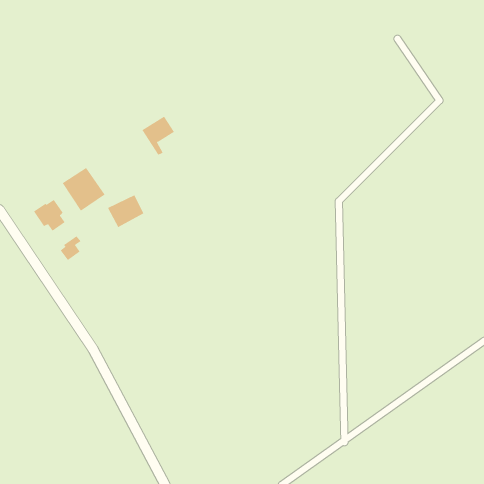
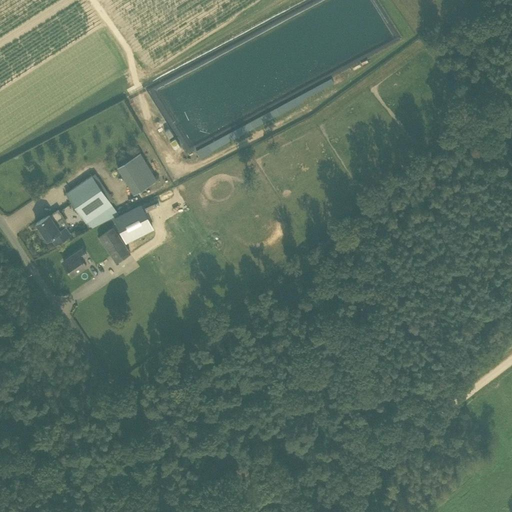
building: [142,116,175,156] -> [116,152,151,194]
building: none -> [99,228,129,263]

